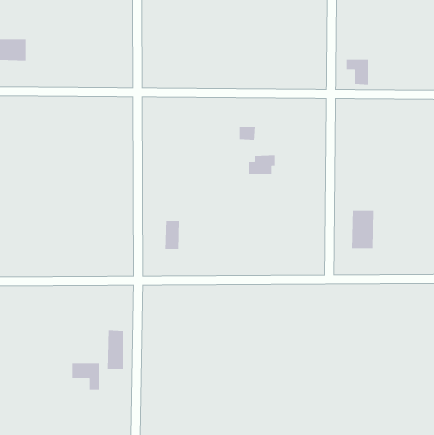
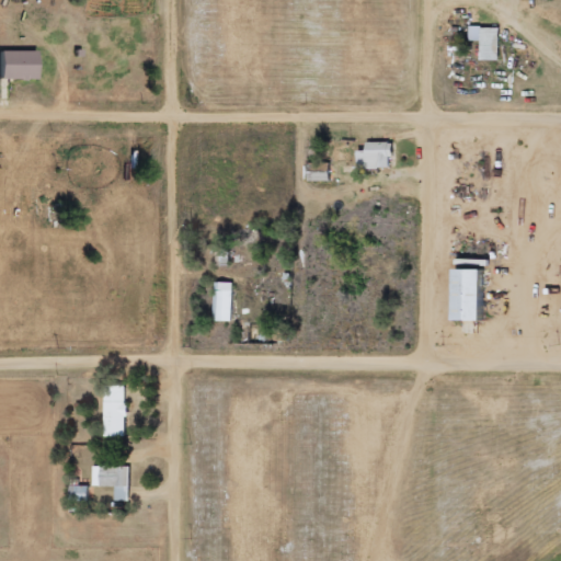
building: [346,59,369,85] -> [468,26,497,60]
building: [248,154,275,175] -> [356,141,391,168]
building: [107,330,124,370] -> [103,385,125,436]

